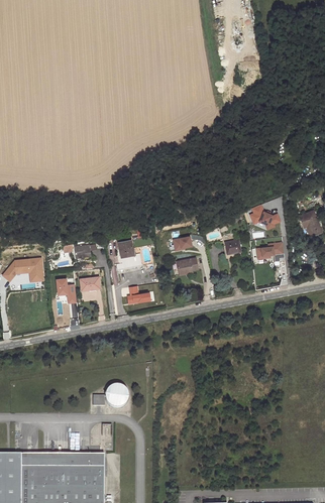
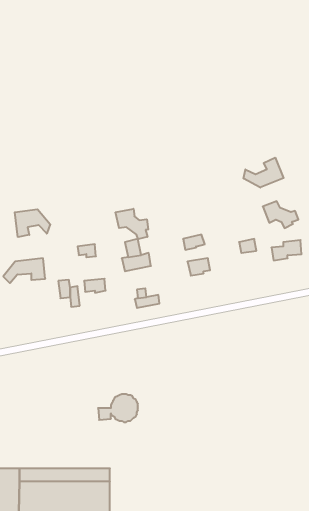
building: none -> [244,158,284,188]
building: none -> [116,209,148,239]
building: none -> [15,209,50,237]

